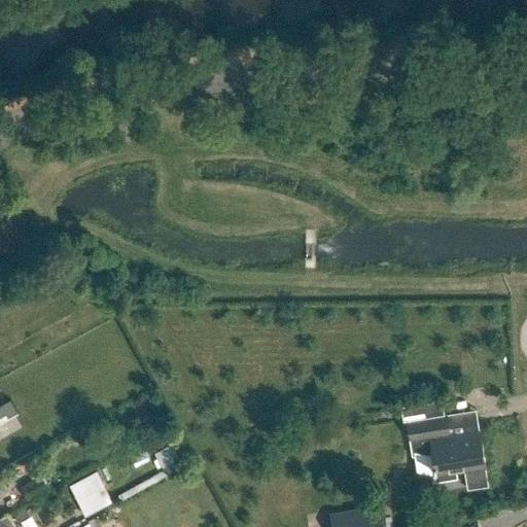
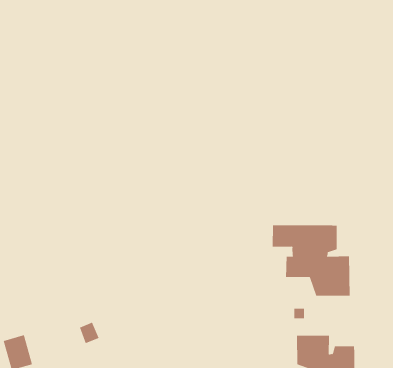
building: none -> [272,225,350,296]

